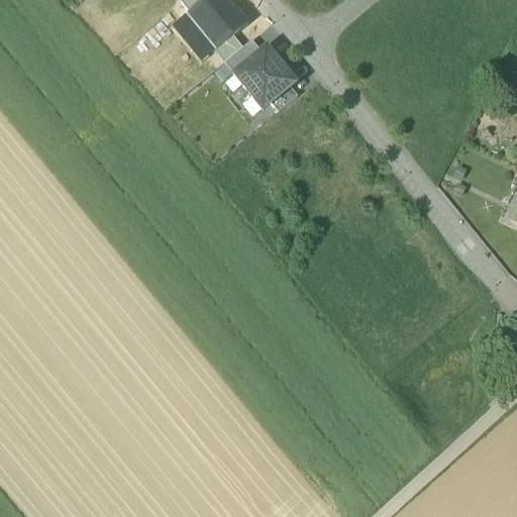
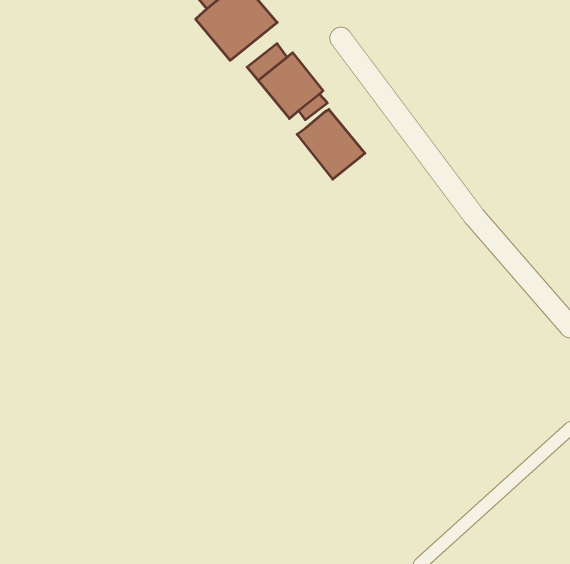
building: none -> [297,109,365,179]

